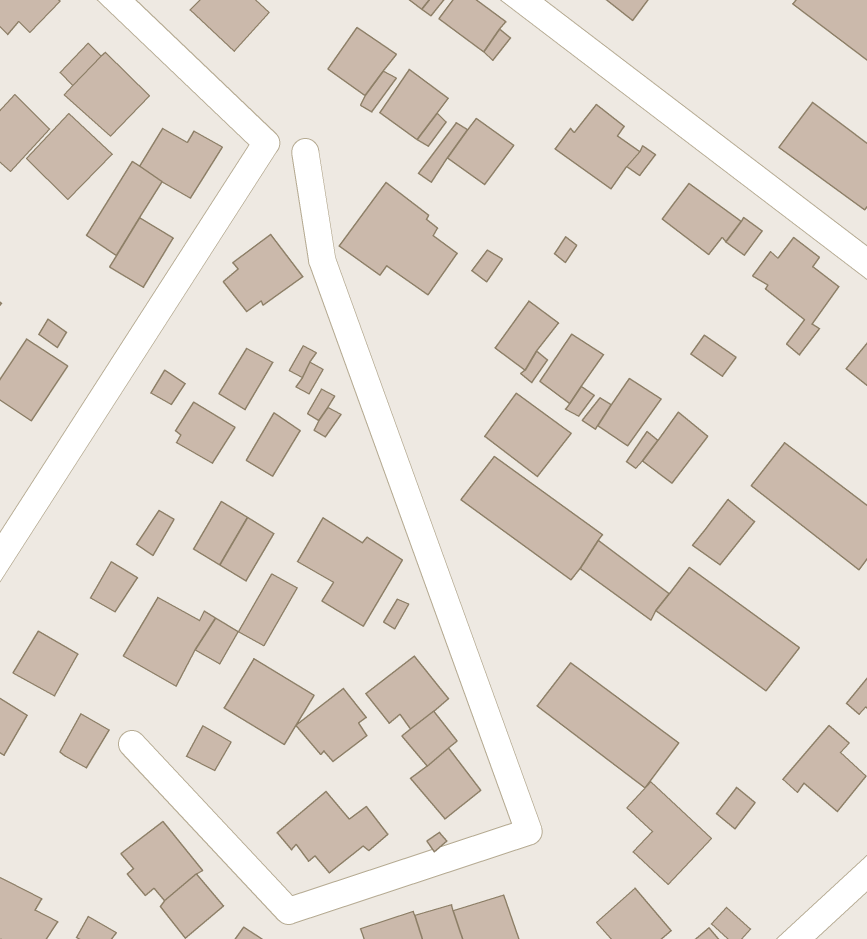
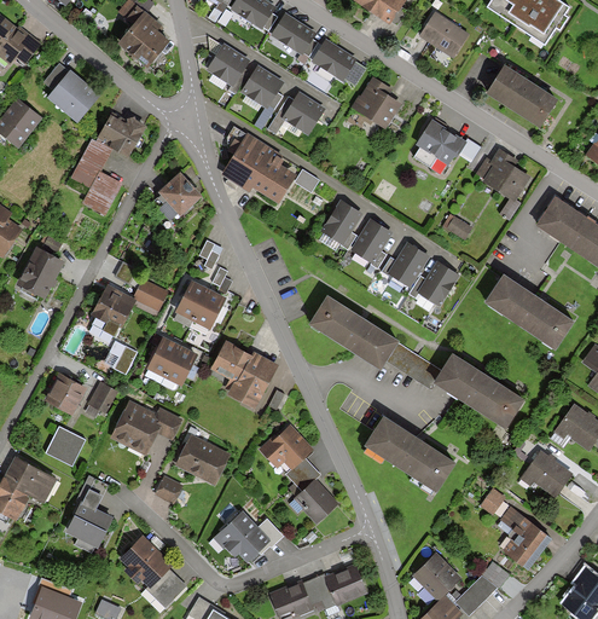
building: none -> [420,13,466,56]
building: none -> [312,39,354,79]
building: [27,114,112,199] -> none
building: [219,348,273,410] -> [193,291,225,329]
building: [485,393,571,477] -> none
building: none -> [92,285,135,325]
building: [693,499,755,565] -> none
building: none -> [45,374,85,413]
building: [239,574,297,646] -> none
building: [296,688,367,762] -> none
building: none -> [66,502,112,548]
building: [627,782,711,884] -> [498,508,551,569]

